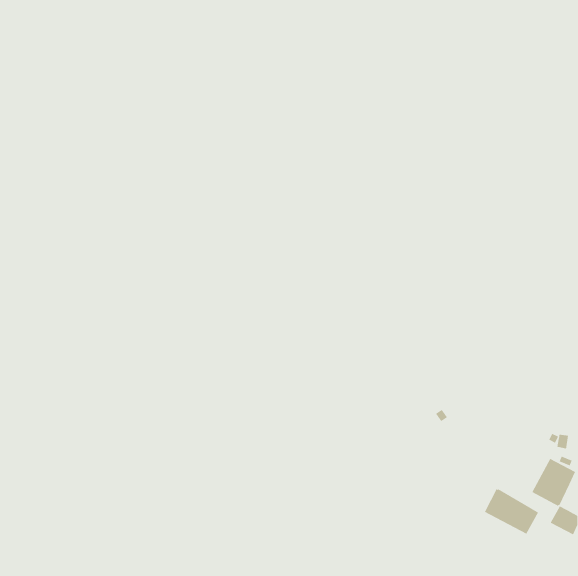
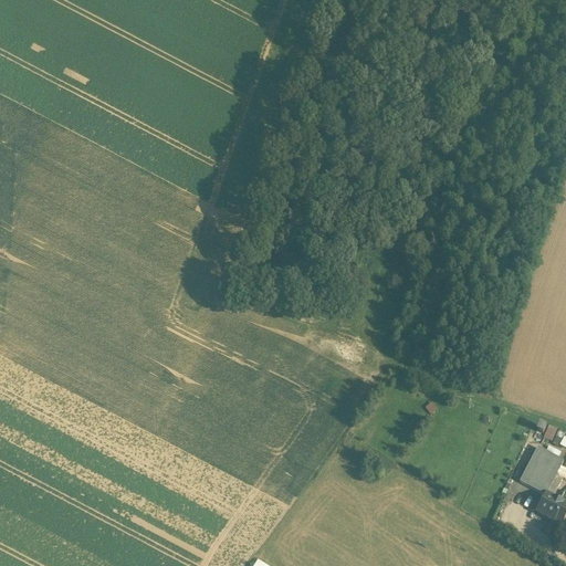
building: [484,488,539,535] -> none

